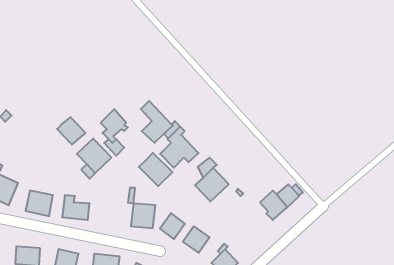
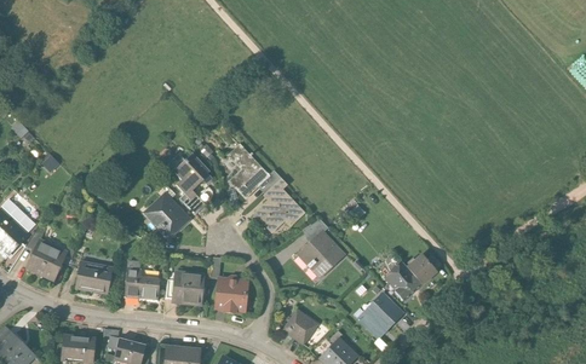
building: [57,117,85,145] -> none
building: [139,153,172,186] -> none
building: none -> [172,270,203,304]
building: [160,213,185,239] -> none
building: none -> [358,294,402,337]

